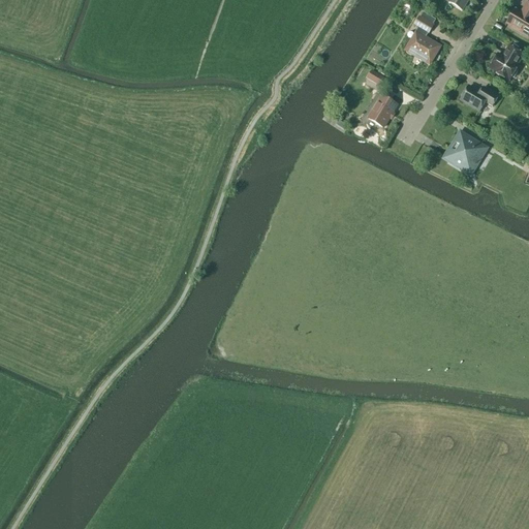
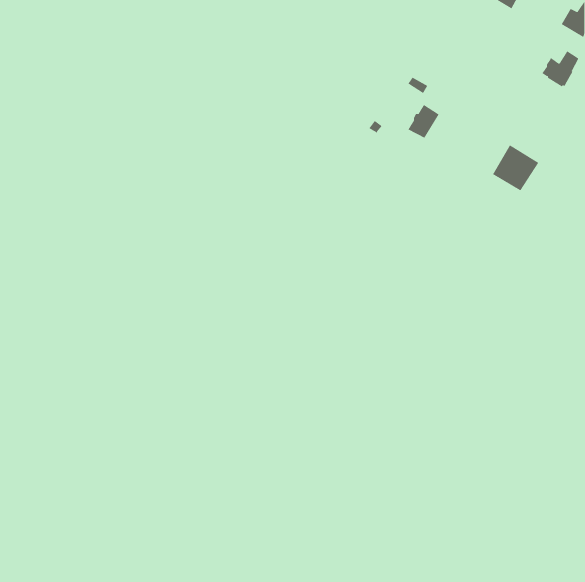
building: [406,10,439,62] -> none
building: [461,85,498,110] -> none

